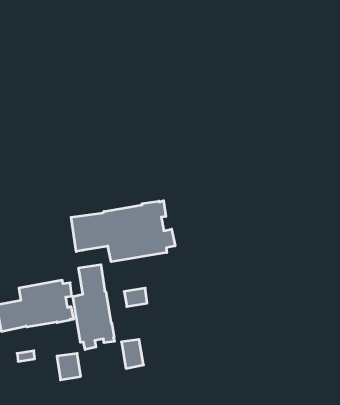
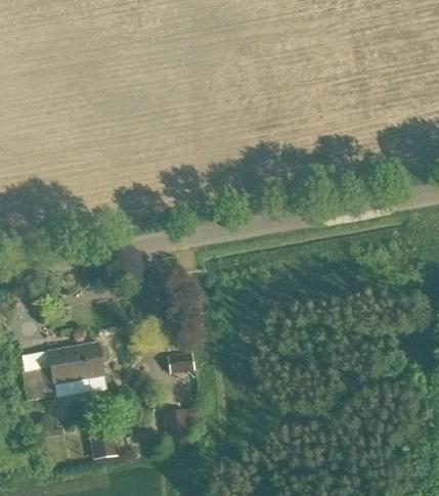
building: [71,201,175,262] -> none
building: [73,265,115,350] -> none

